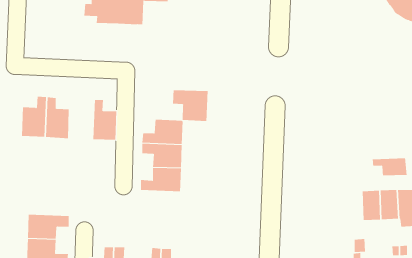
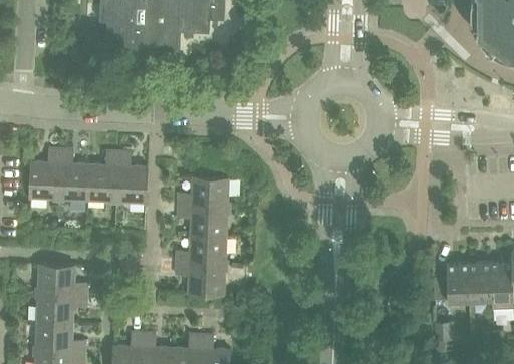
building: [172,89,208,122] -> none
building: none -> [87,150,118,201]
building: [372,157,407,176] -> none
building: none -> [175,263,225,295]
building: none -> [37,264,89,294]

